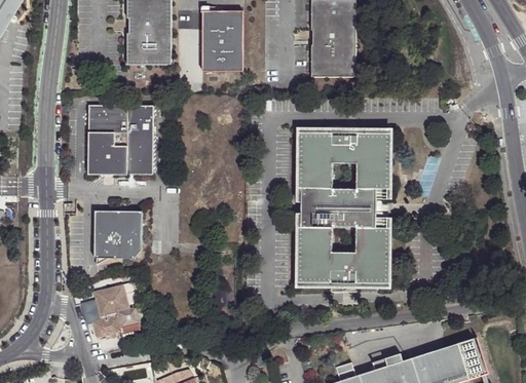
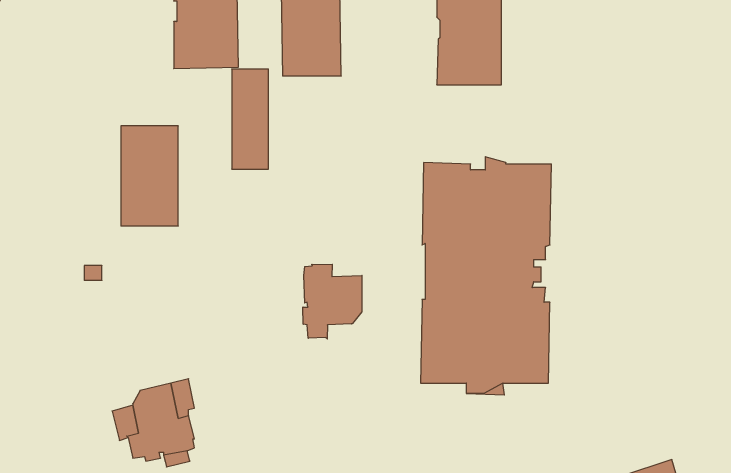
building: [128,105,154,175] -> [232,69,268,169]
building: none -> [303,264,362,339]
building: [99,210,146,264] -> none

